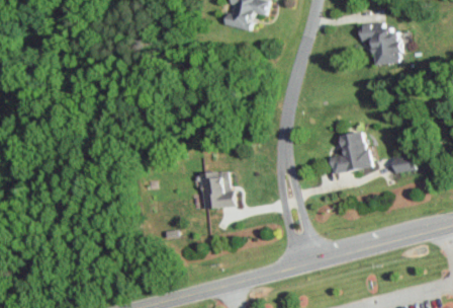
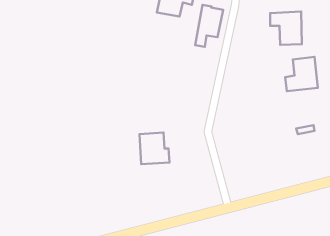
building: none -> [195,5,223,47]
building: [330,132,369,173] -> [285,57,318,91]

